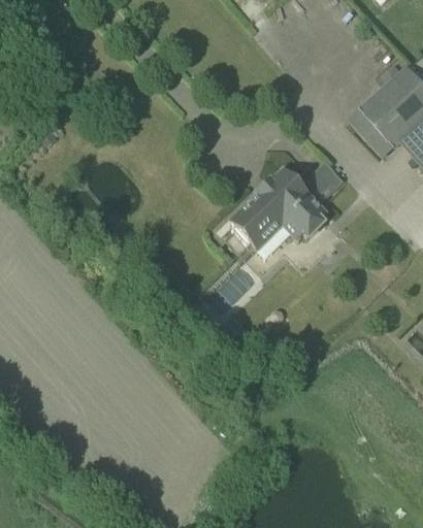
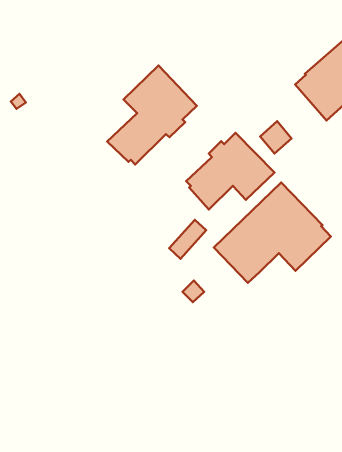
building: none -> [107,65,197,165]
building: none -> [214,183,331,283]

